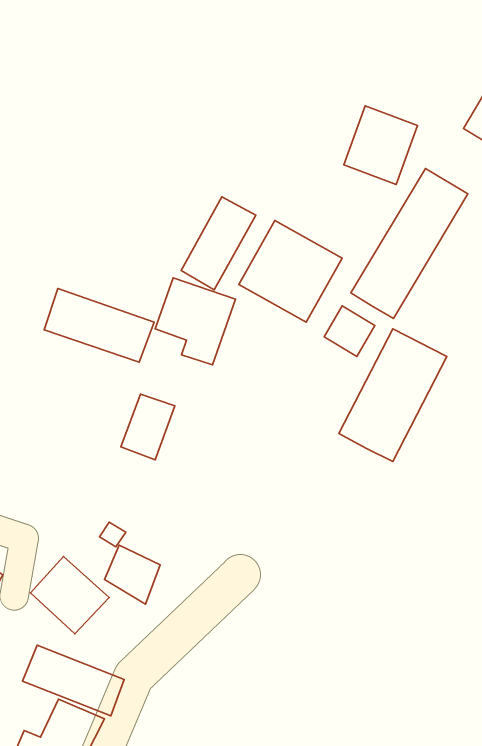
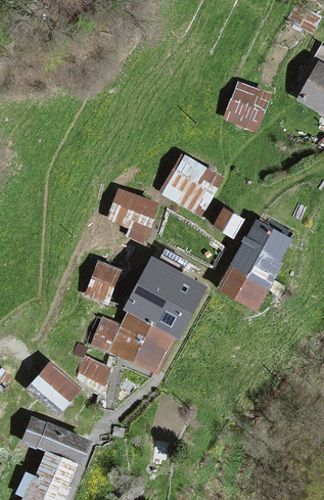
building: [351,168,468,318] -> none
building: [181,197,256,290] -> none
building: [44,288,154,362] -> none
building: none -> [91,261,205,375]

